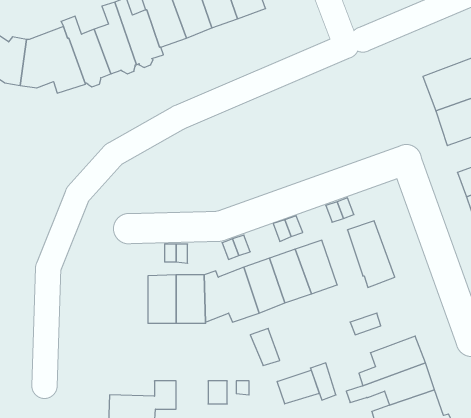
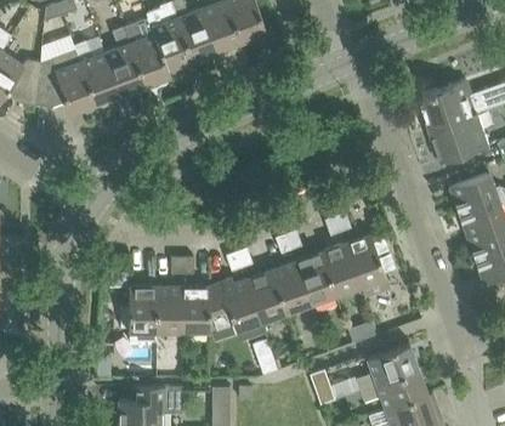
building: none -> [320,243,359,295]
building: none -> [129,286,155,341]
building: [277,370,319,404] -> none

